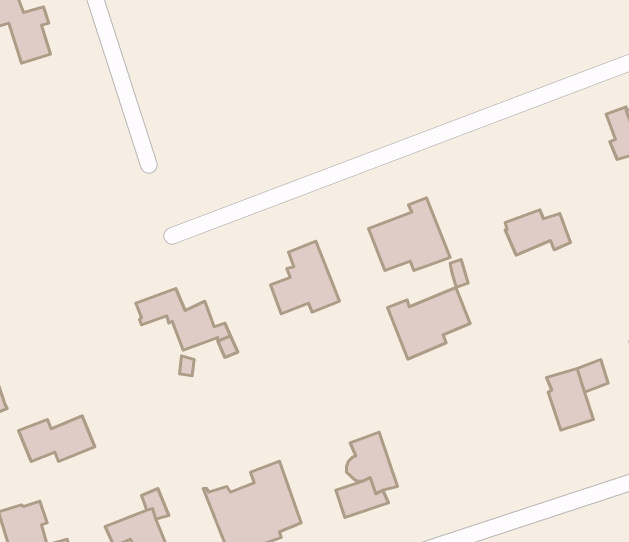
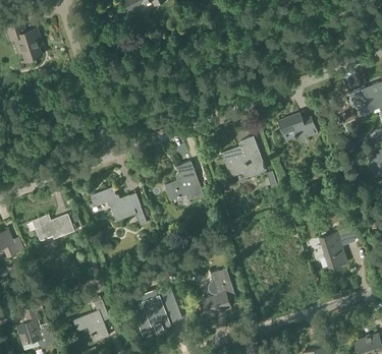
building: [505,210,571,255] -> [280,115,317,140]
building: [388,288,470,359] -> none
building: [19,416,95,461] -> [32,214,74,239]

